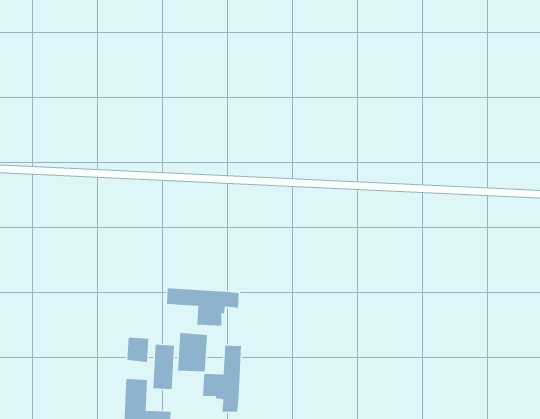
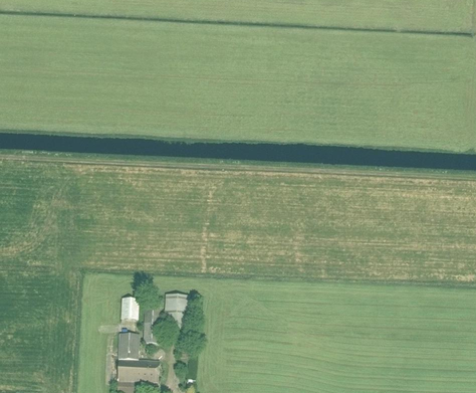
building: [166,288,239,326] -> none
building: [202,345,242,413] -> none

